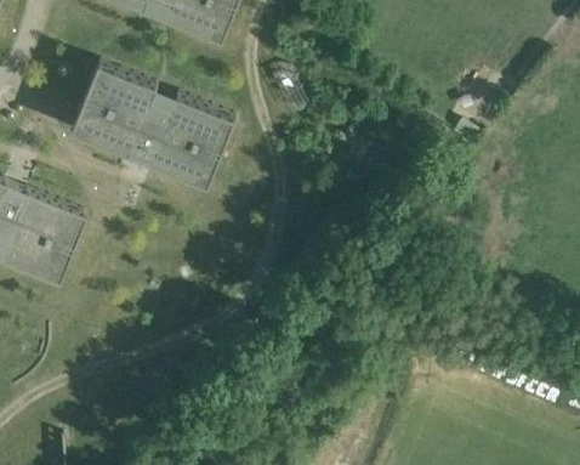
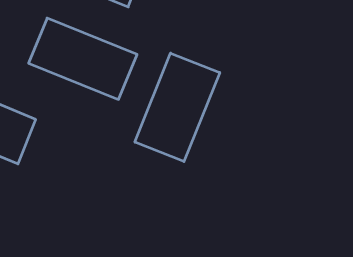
building: none -> [135,53,220,162]

